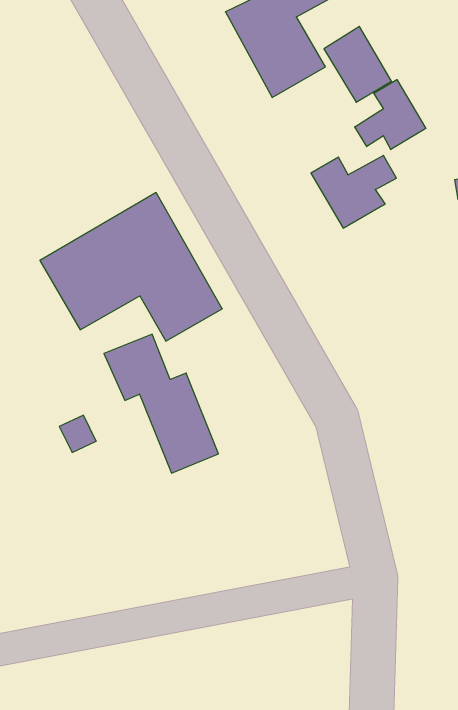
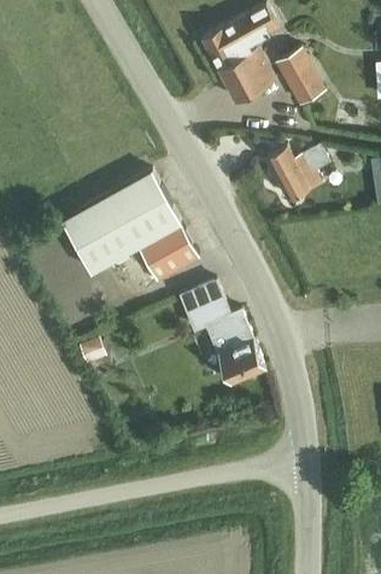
building: [355,80,426,150] -> none
building: [104,334,218,473] -> [180,281,265,385]

